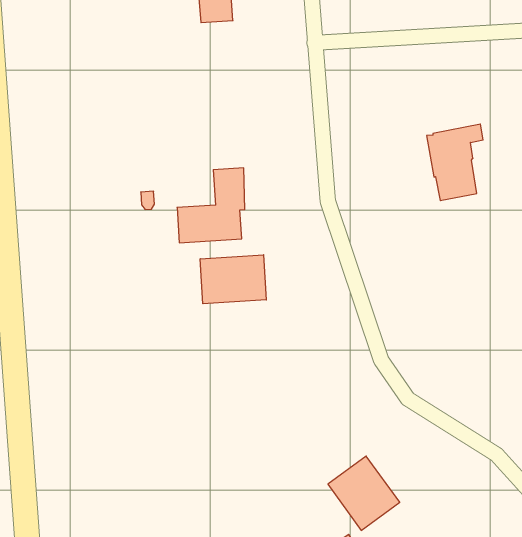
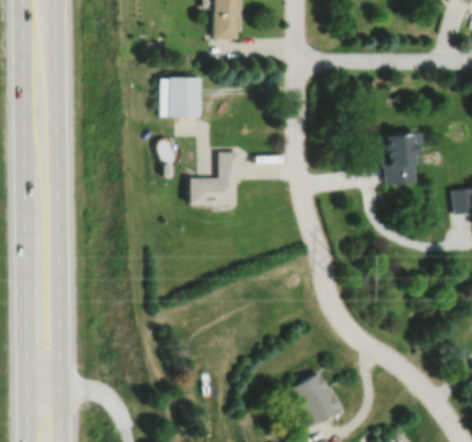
building: none -> [159,75,200,116]
building: [200,255,266,304] -> none

